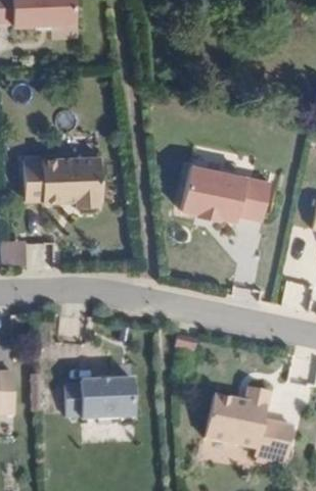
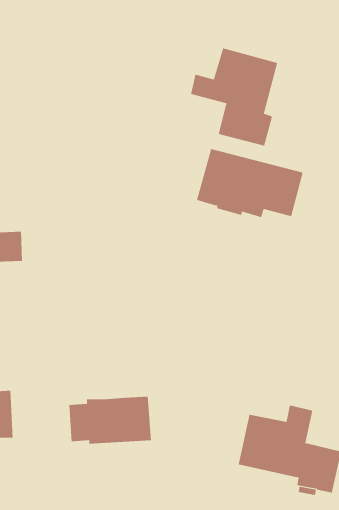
building: none -> [190,48,278,146]
building: [25,155,102,211] -> none

